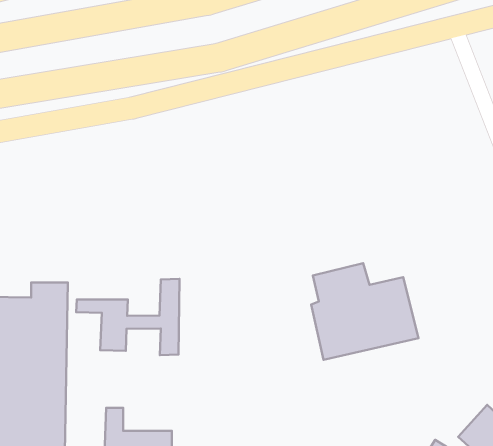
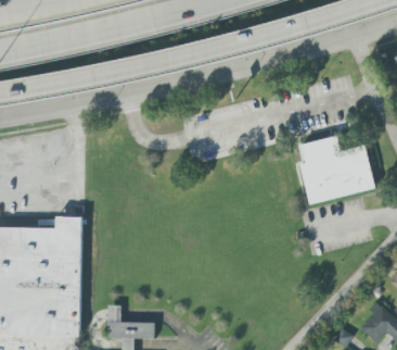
building: [311,263,418,360] -> [299,135,375,203]
building: [76,279,180,355] -> none

